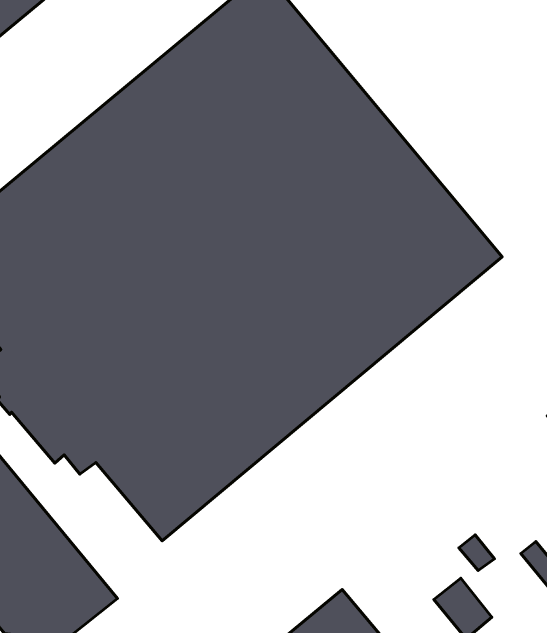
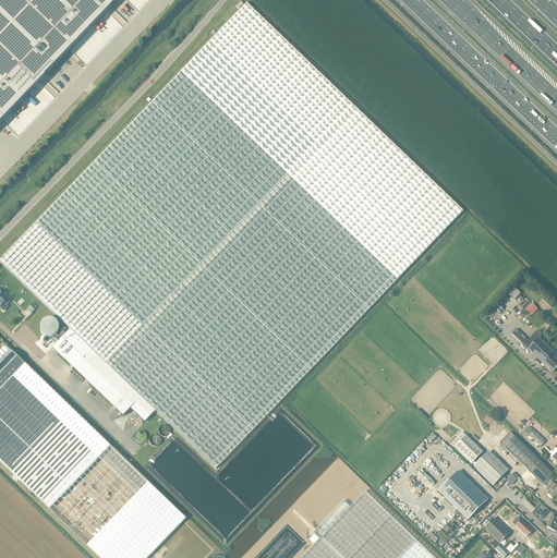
building: none -> [473,452,505,484]

